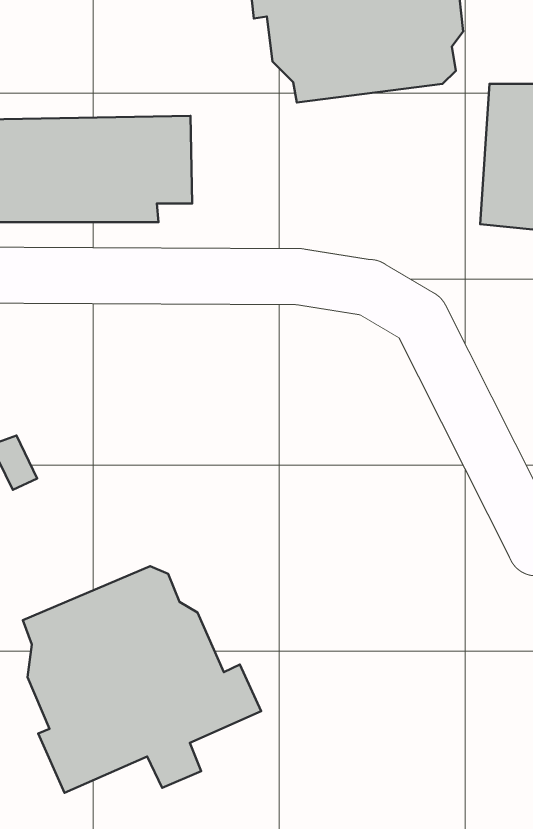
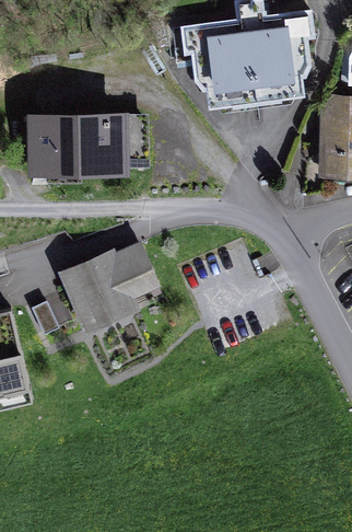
building: none -> [57,241,160,336]
building: [23,566,261,793] -> none

